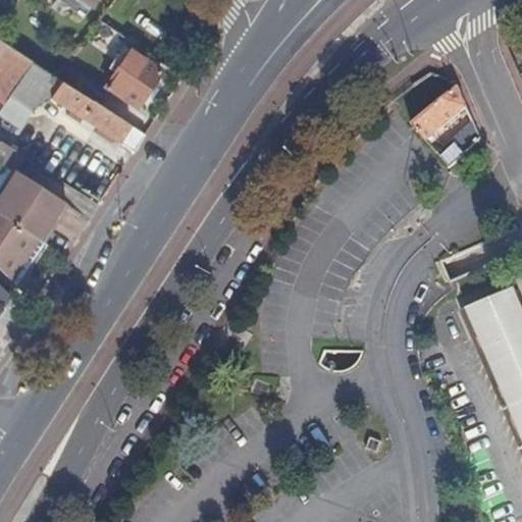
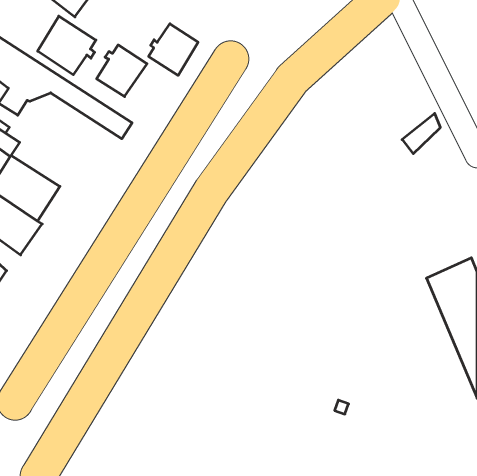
building: none -> [38,16,96,75]
building: none -> [149,24,198,75]
building: [413,87,466,140] -> none

